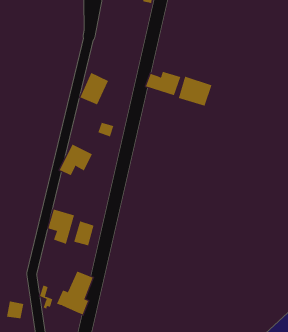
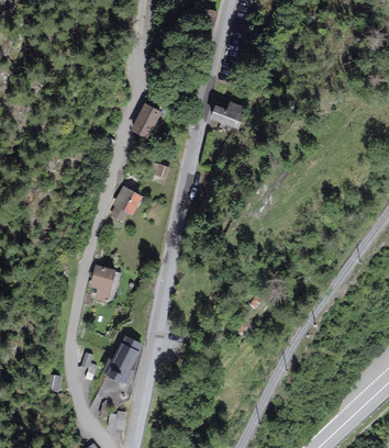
building: [178,76,212,107] -> none
building: [73,220,94,246] -> none

